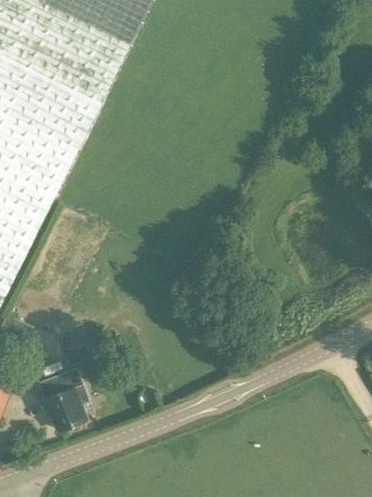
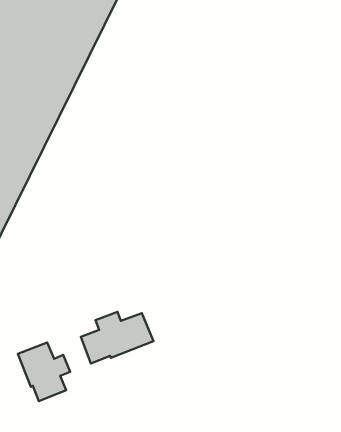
building: none -> [81,312,153,363]

